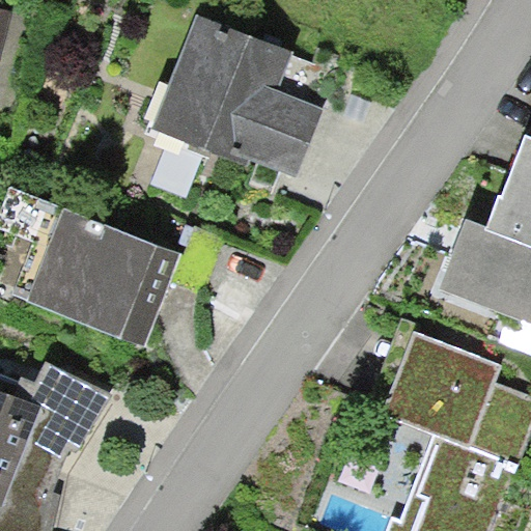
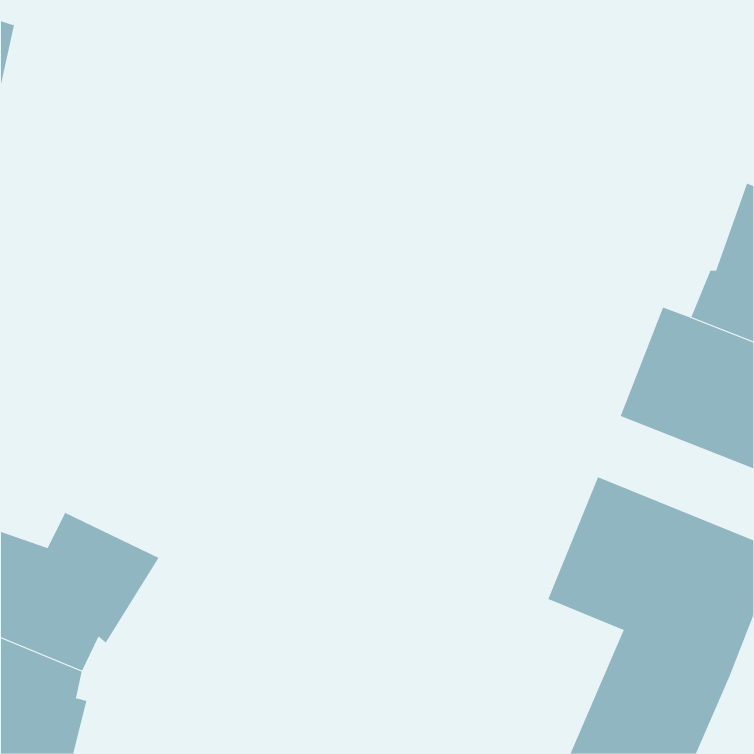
building: [163,26,332,185] -> none
building: [40,217,173,335] -> none

